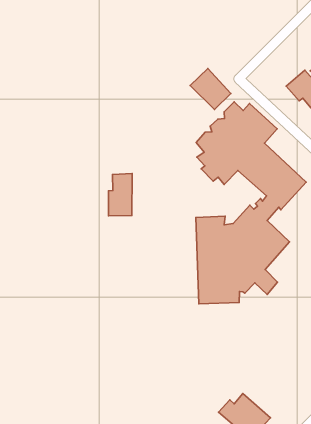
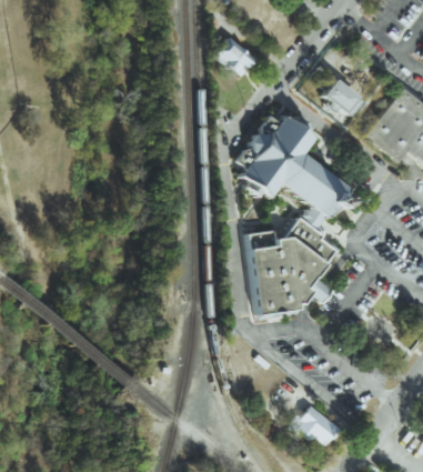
building: [190,69,231,110] -> [216,37,258,77]
building: [108,174,132,216] -> none

